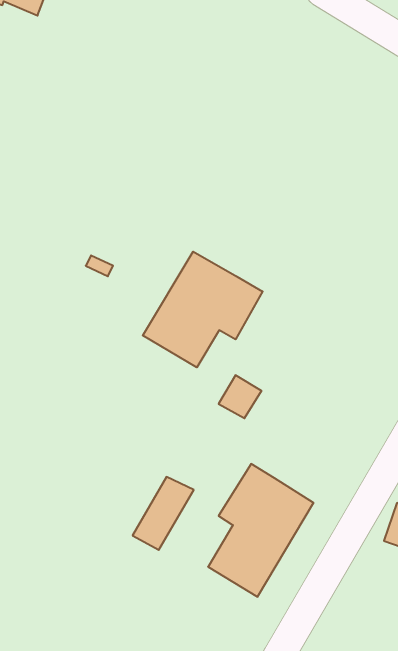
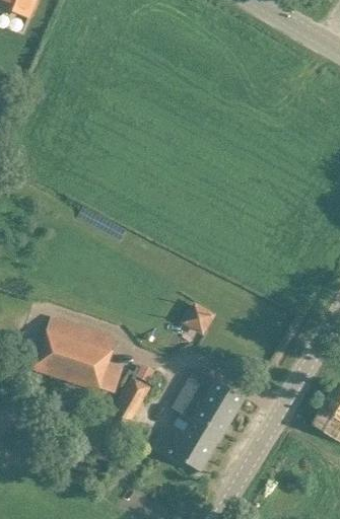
building: [143,252,263,367] -> none
building: none -> [35,319,124,391]

